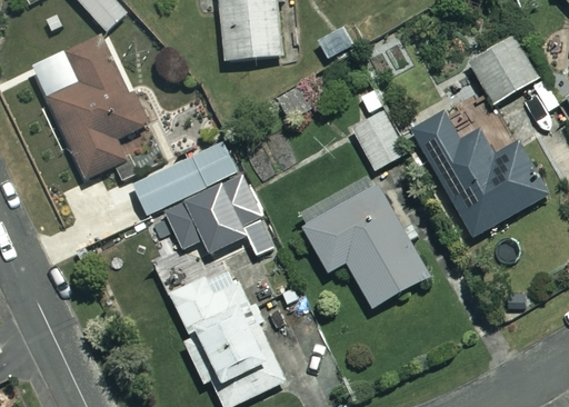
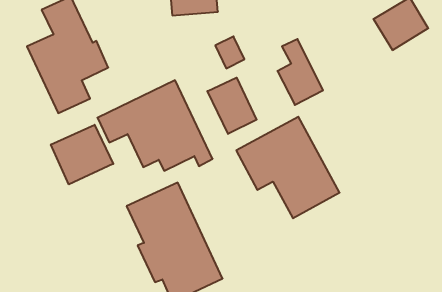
building: [411,111,547,237] -> none
building: none -> [207,78,257,134]
building: none -> [51,125,113,184]

